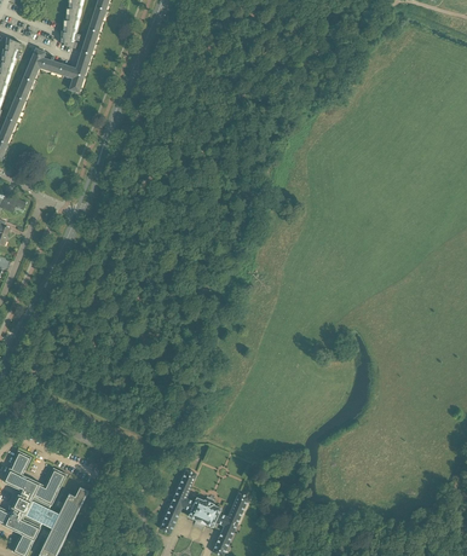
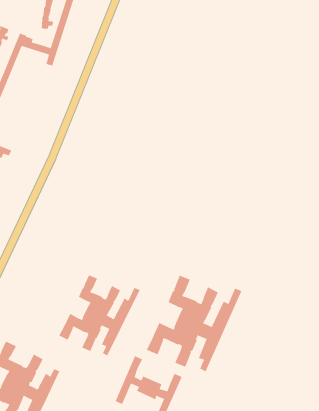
building: none -> [58,274,141,357]
building: none -> [146,275,243,372]

